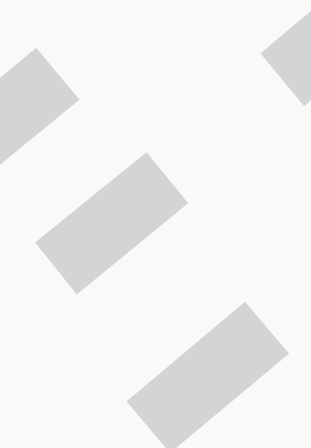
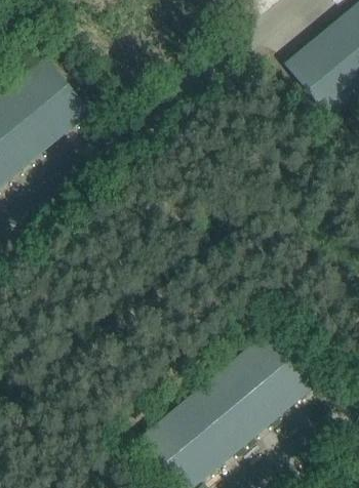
building: [34,151,189,295] -> none

